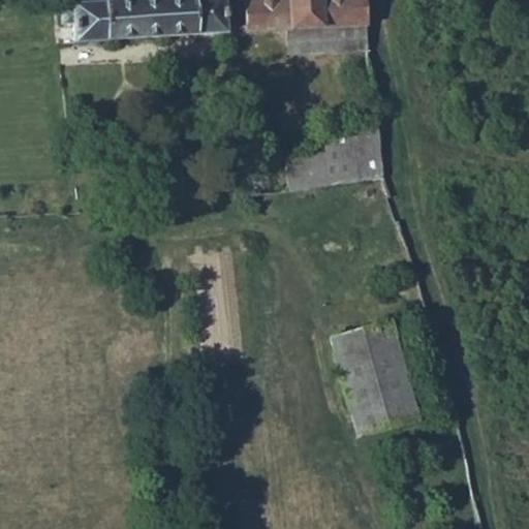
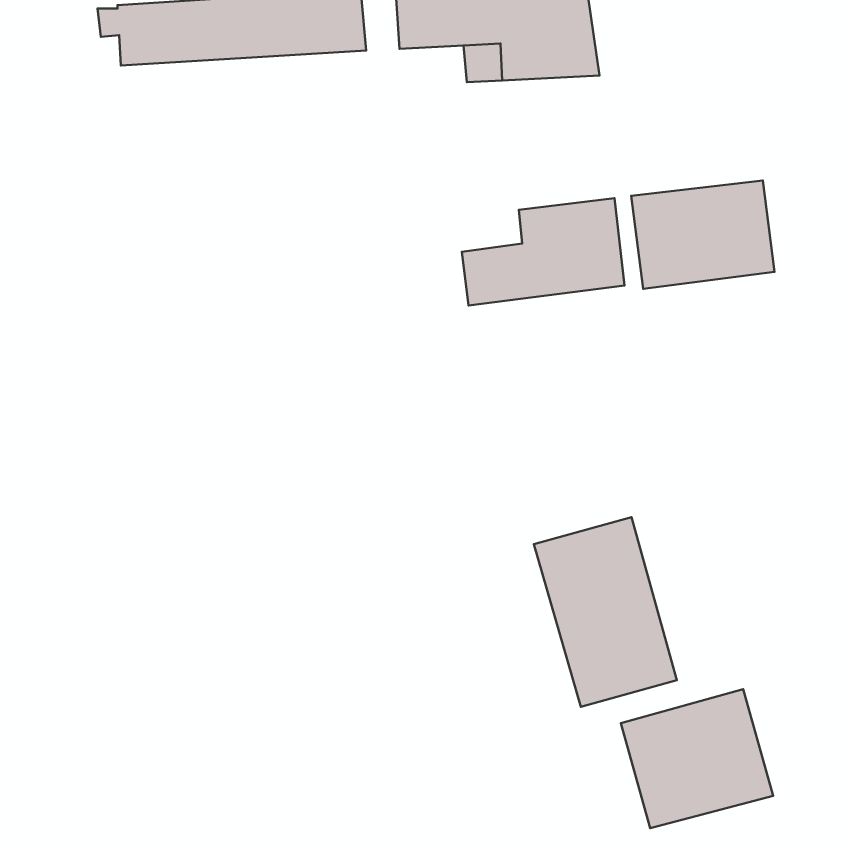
building: none -> [631,180,775,289]
building: none -> [621,689,773,828]

